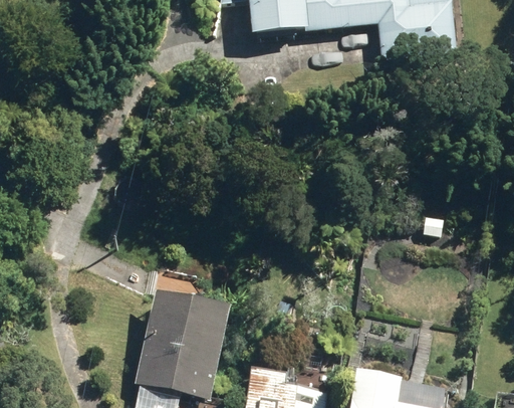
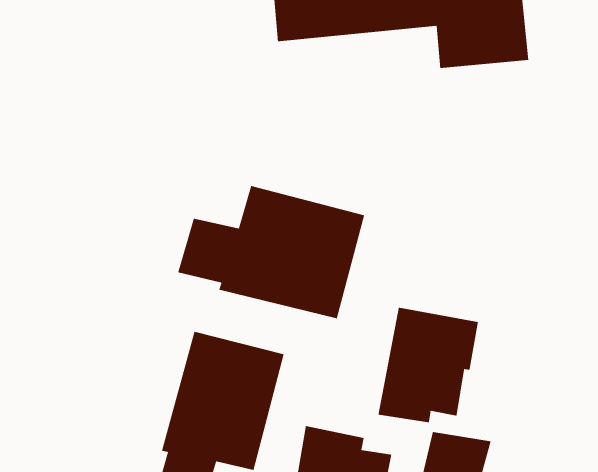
building: none -> [178,185,365,319]
building: none -> [378,307,478,423]

